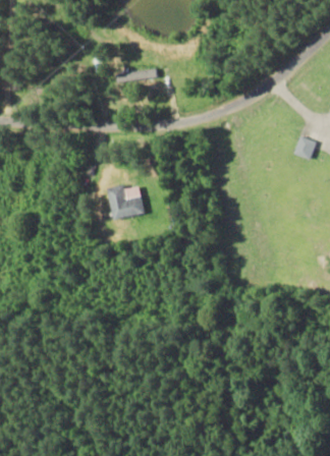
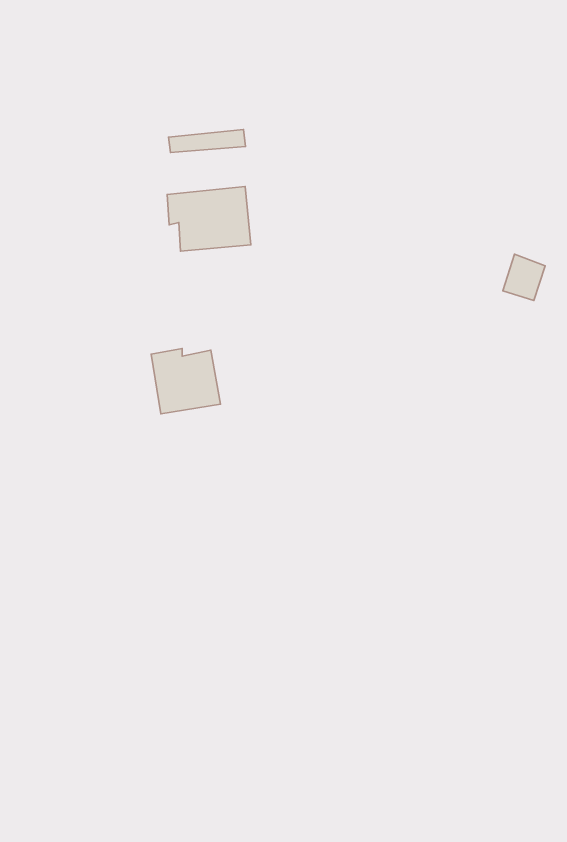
building: none -> [167,187,251,251]

